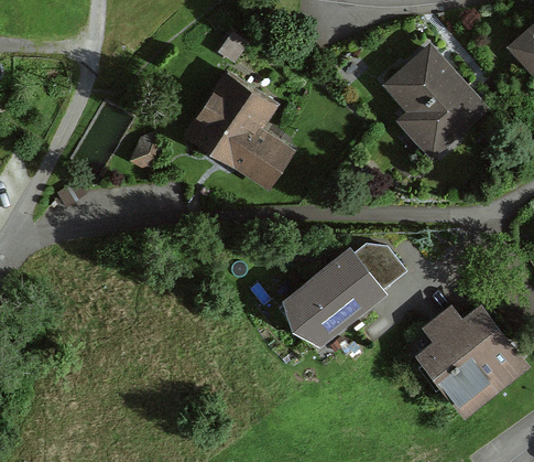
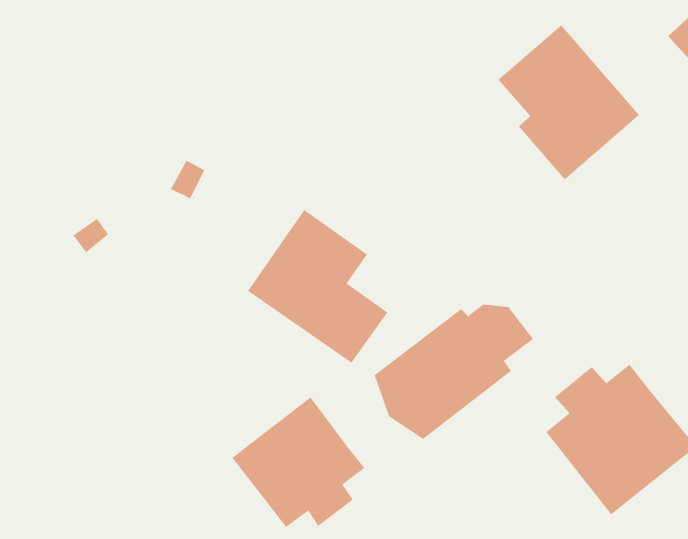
building: [186,73,293,190] -> [247,209,388,364]
building: none -> [231,396,365,528]

